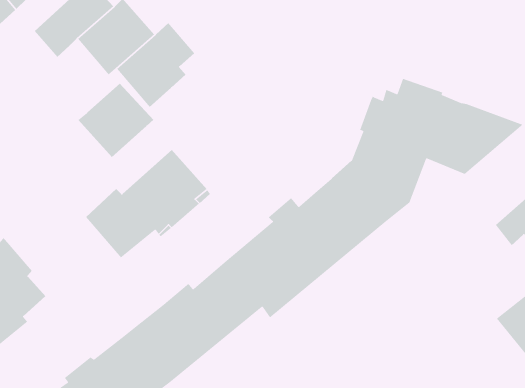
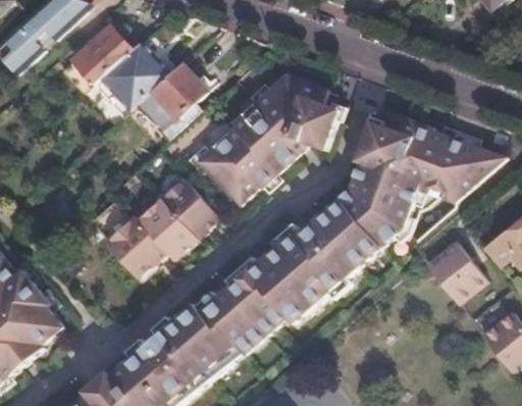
building: none -> [196,72,337,205]
building: [78,83,154,158] -> none
building: none -> [423,238,485,303]

